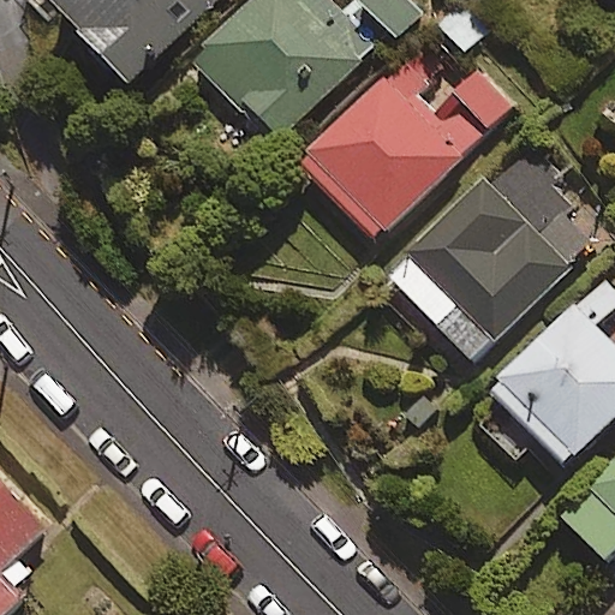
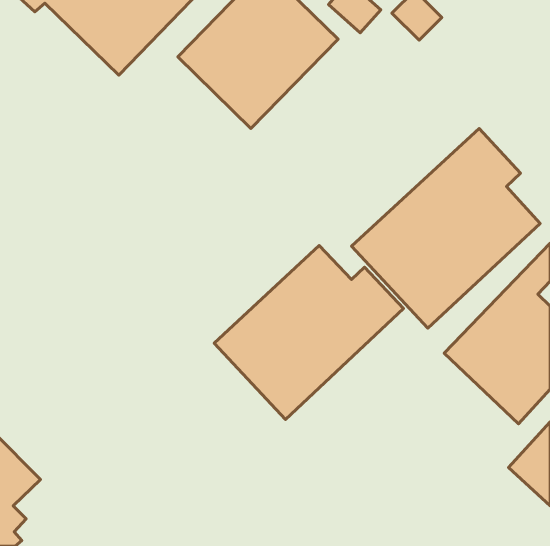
building: [299,37,510,240] -> none
building: none -> [214,246,403,420]

